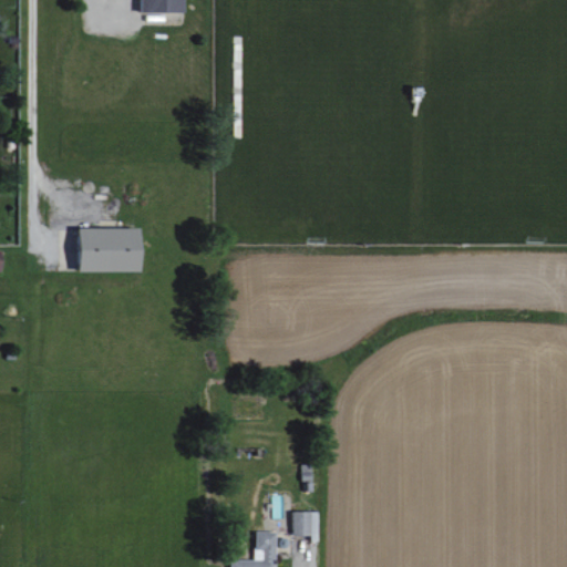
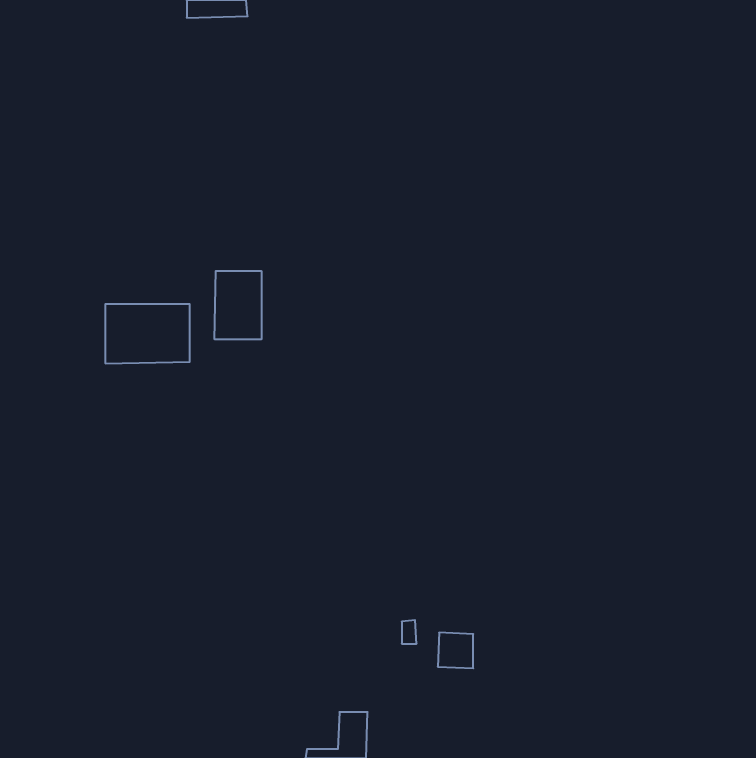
building: none -> [215,271,261,339]
building: [290,511,317,537] -> [438,633,473,668]

